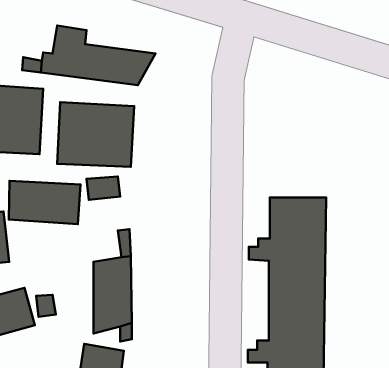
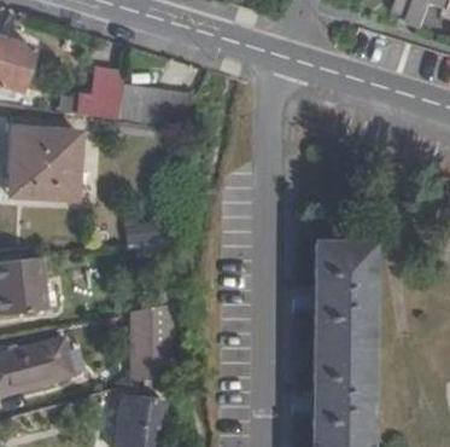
building: [57,102,134,167] -> none
building: [9,181,80,224] -> none

